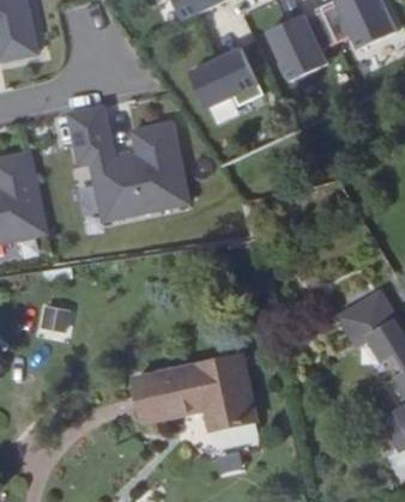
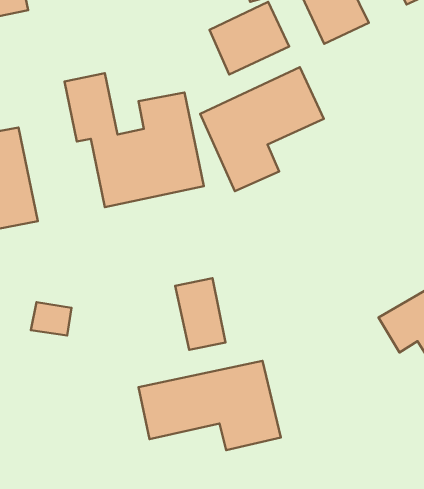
building: none -> [200,67,324,191]
building: none -> [175,278,225,350]

